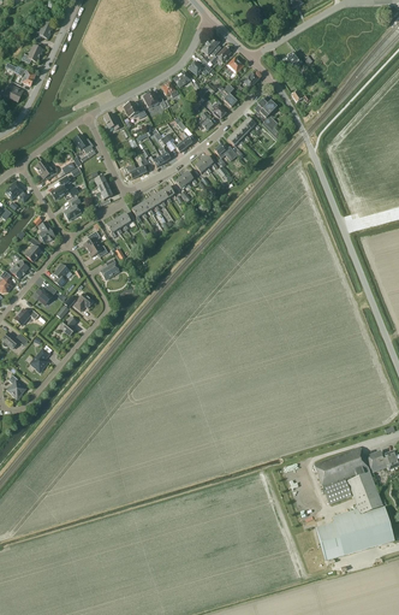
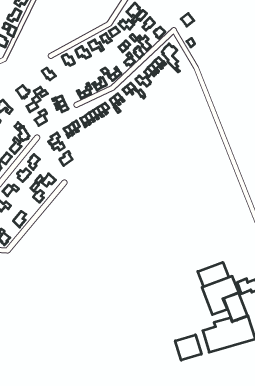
building: none -> [198,262,229,287]
building: none -> [175,335,201,360]

